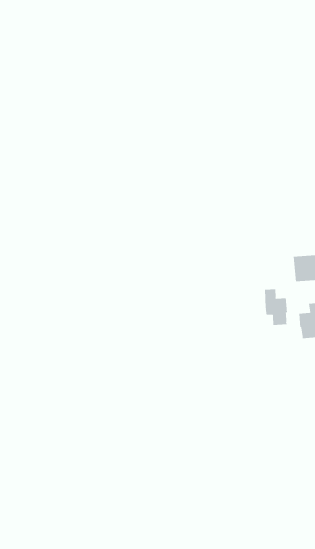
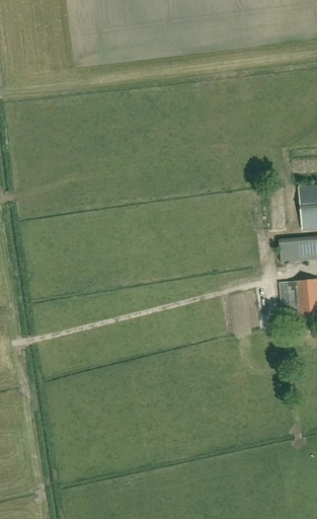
building: [265,289,287,326] -> none

